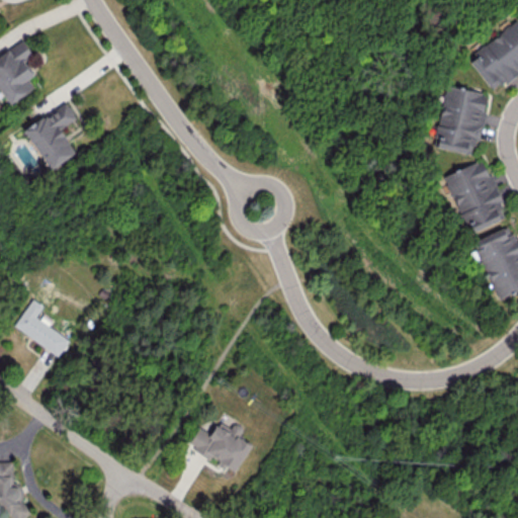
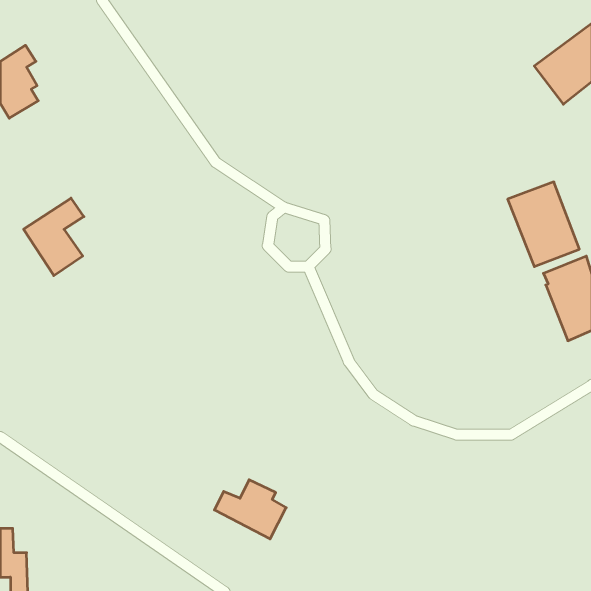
building: [435,86,487,155] -> none
building: [24,102,77,170] -> [24,198,84,276]
building: [13,298,70,357] -> none

